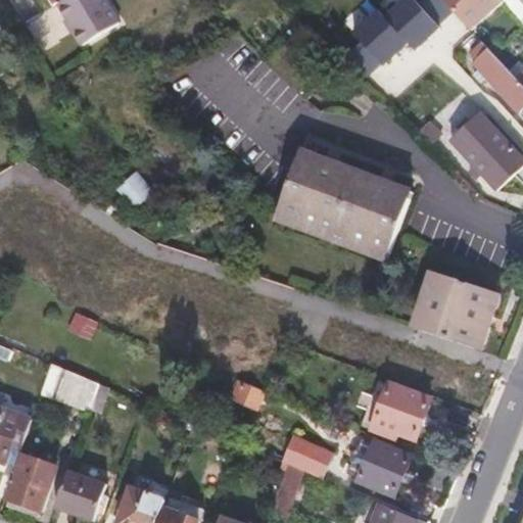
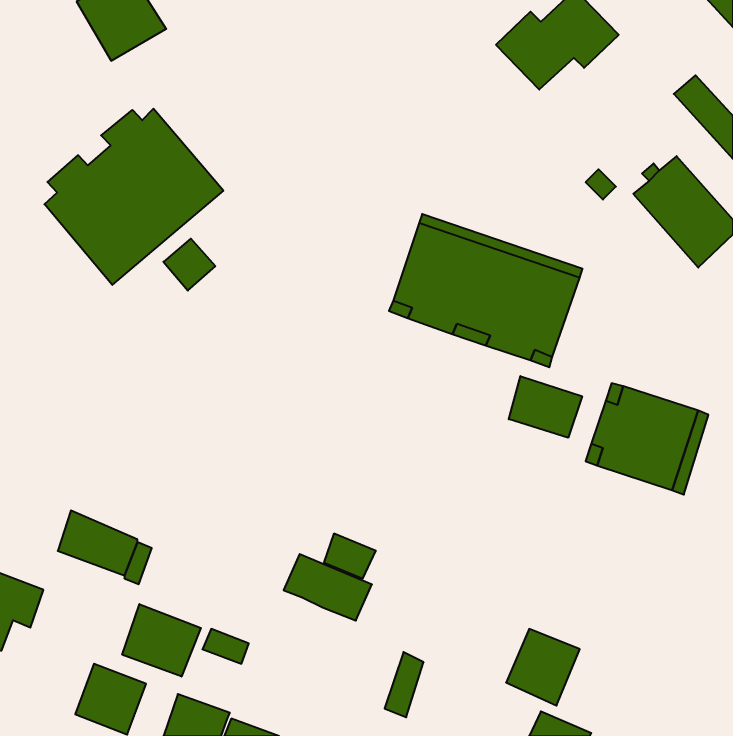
building: none -> [44,109,223,285]
building: none -> [509,376,582,438]
building: [371,383,433,439] -> none
building: none -> [122,604,201,677]
building: [272,430,334,477] -> [284,554,372,621]
building: [5,455,53,509] -> none

